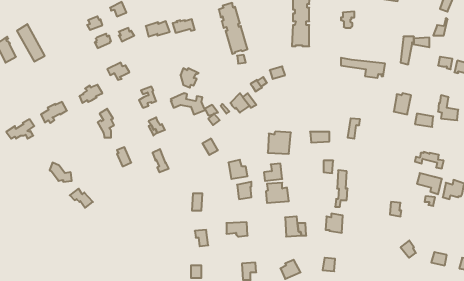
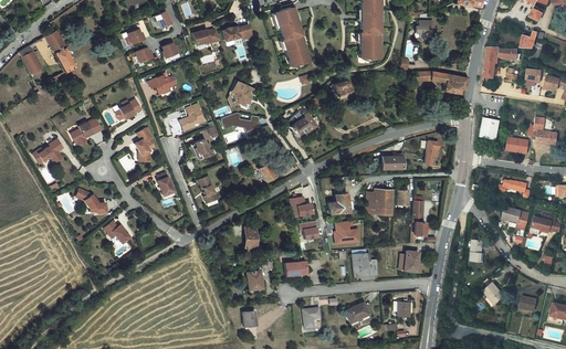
building: [268,132,291,154] -> [366,189,392,214]

